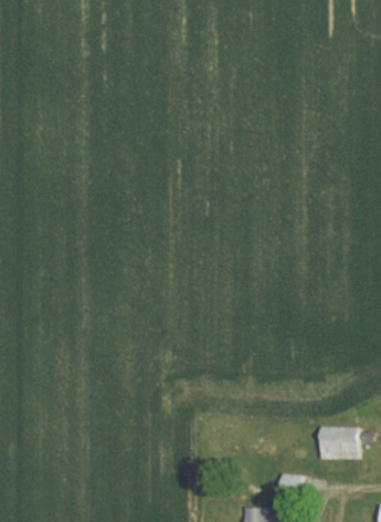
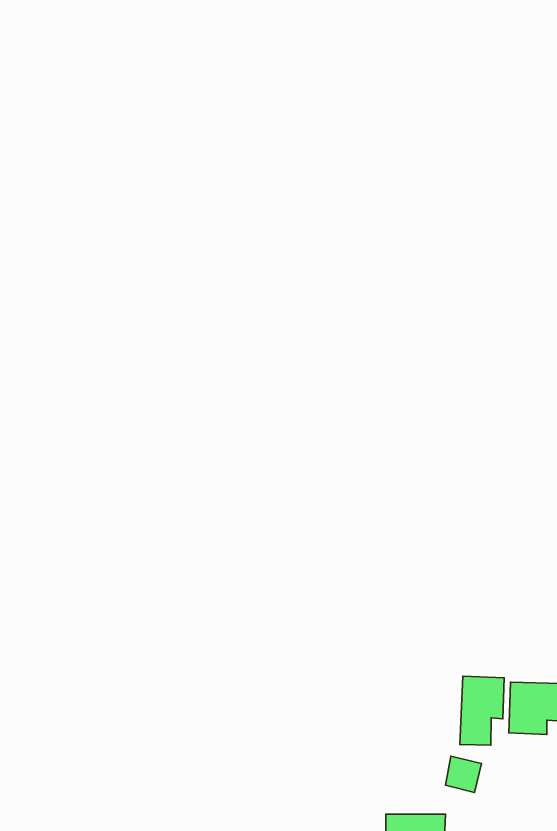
building: none -> [460,676,504,745]

